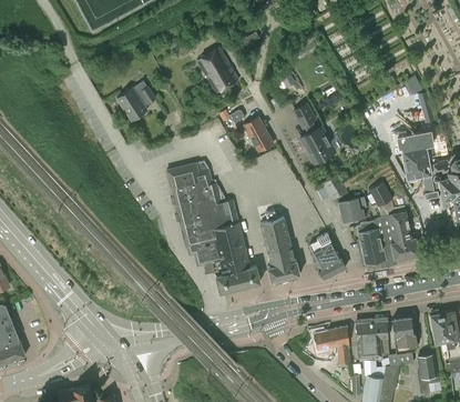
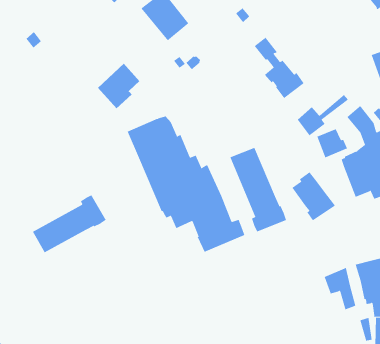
building: [116,80,156,121] -> [97,63,140,109]
building: [244,118,273,152] -> none
building: none -> [32,195,106,253]

